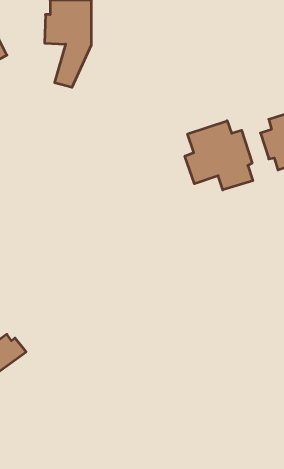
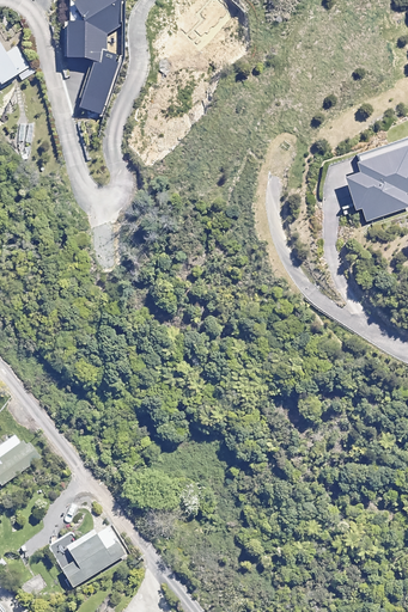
building: [185,121,253,190] -> none
building: none -> [49,527,126,587]

